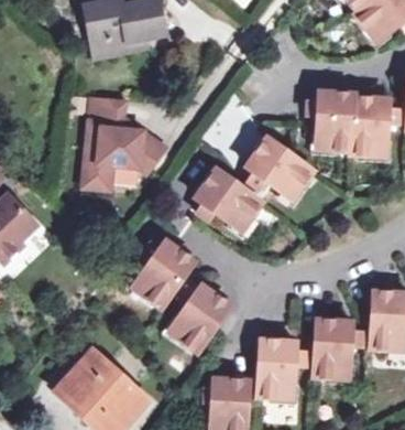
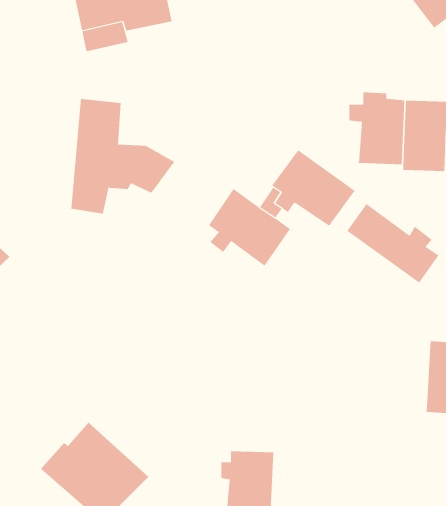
building: none -> [346,203,439,283]
building: [131,241,194,308] -> none
building: [167,286,229,352] -> none
building: [313,320,361,379] -> none
building: [256,340,305,399] -> none

